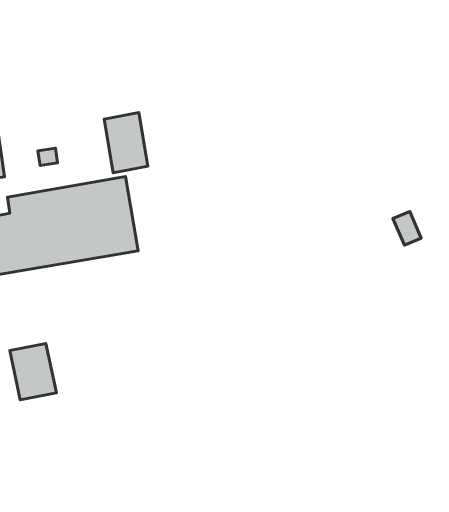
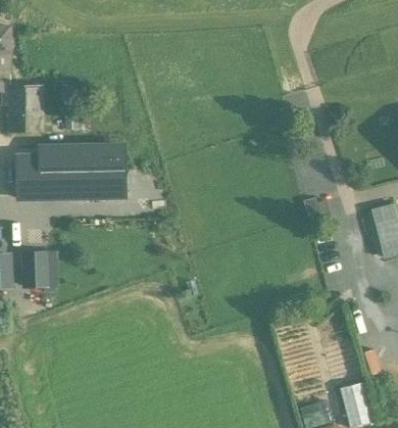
building: [104,112,148,173] -> none

